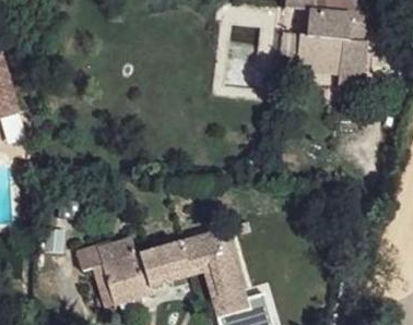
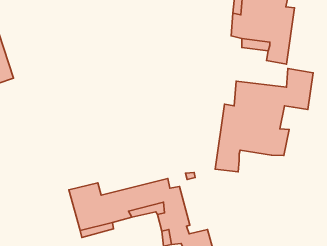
building: none -> [215,69,313,172]

